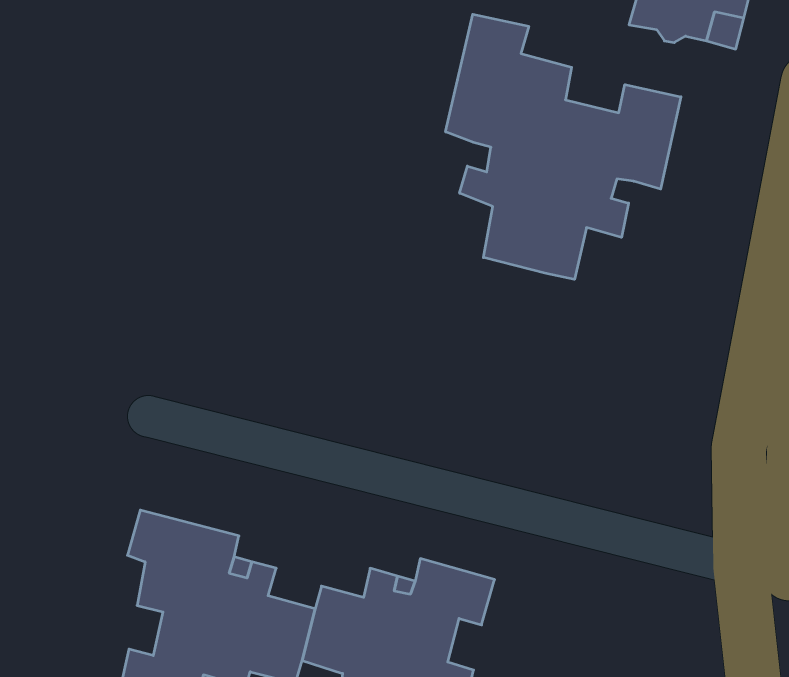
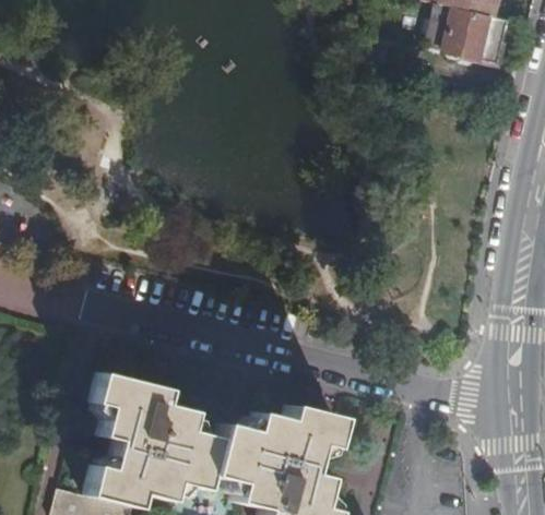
building: [446,14,681,279] -> none

